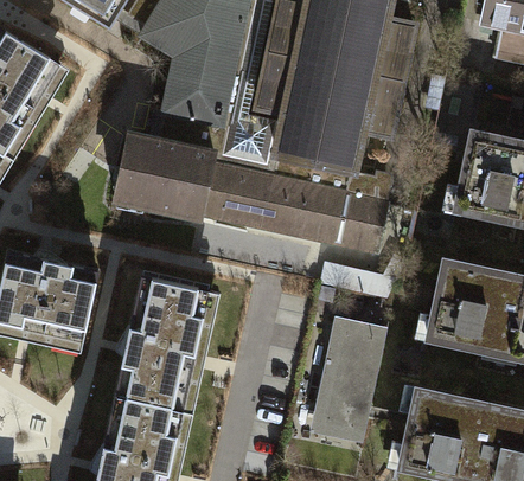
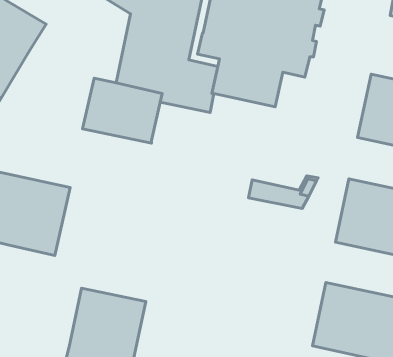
building: [199,154,389,250] -> none
building: [113,275,218,411] -> none
building: [308,318,386,443] -> none

